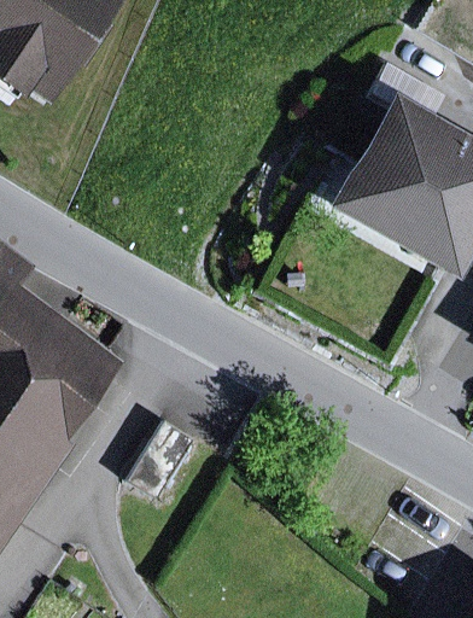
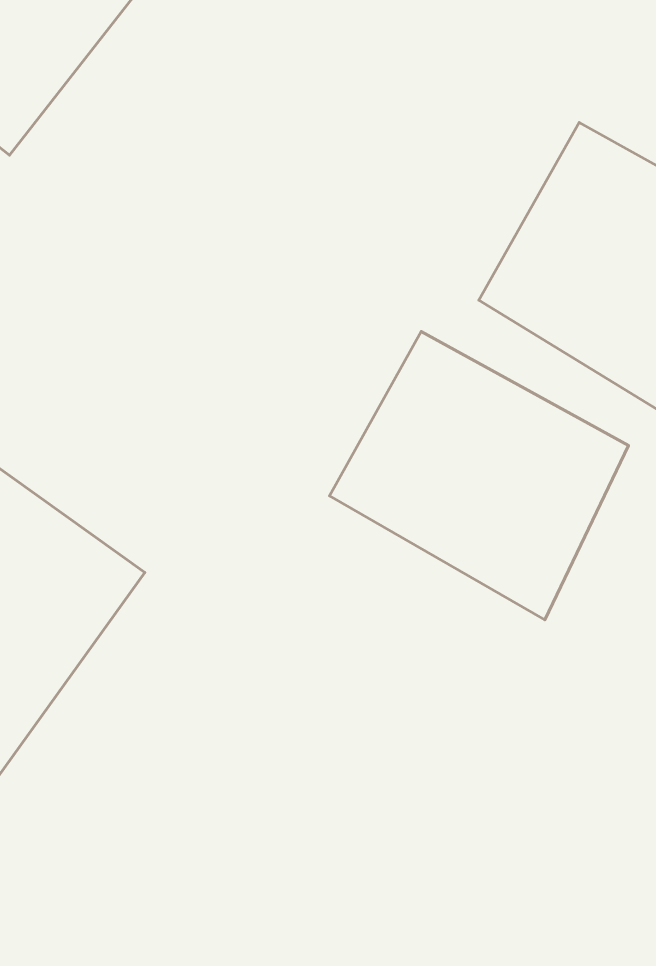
building: none -> [330,331,628,620]

